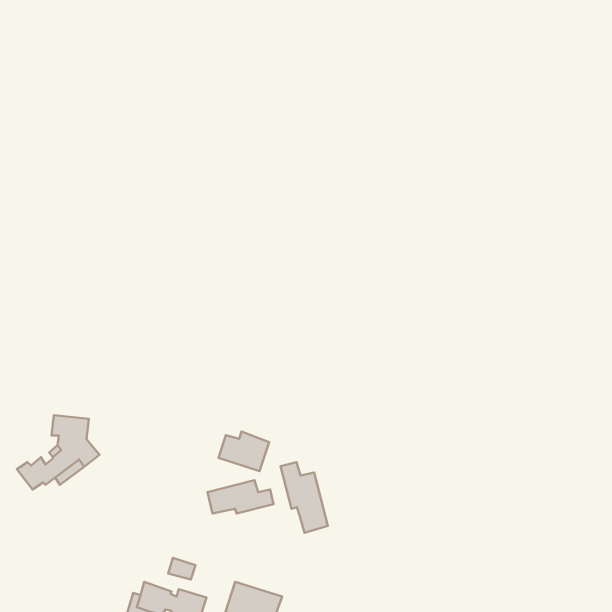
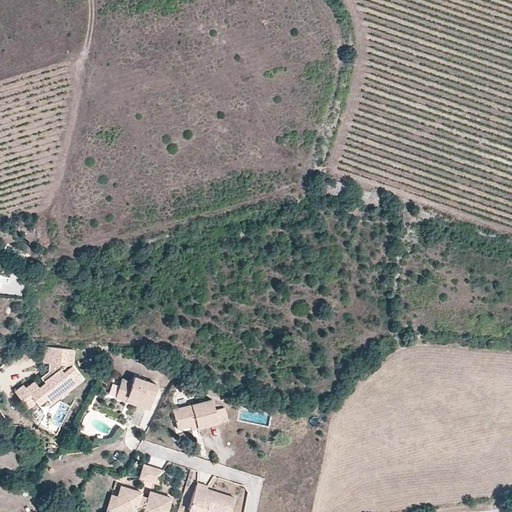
building: [219,431,269,471] -> [114,375,156,408]
building: [281,462,328,533] -> none

